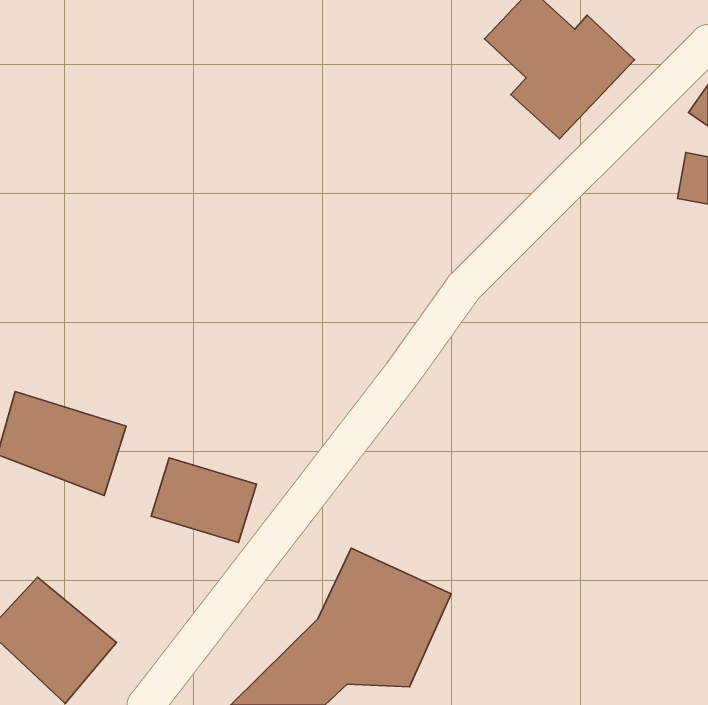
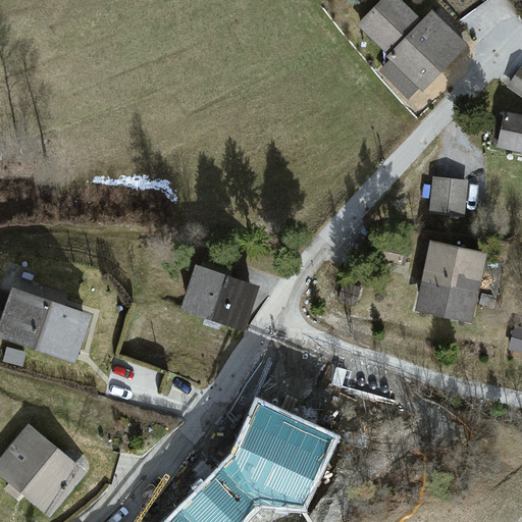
building: none -> [430,170,467,205]
building: none -> [413,241,490,326]
building: [151,458,257,542] -> [182,266,260,328]

